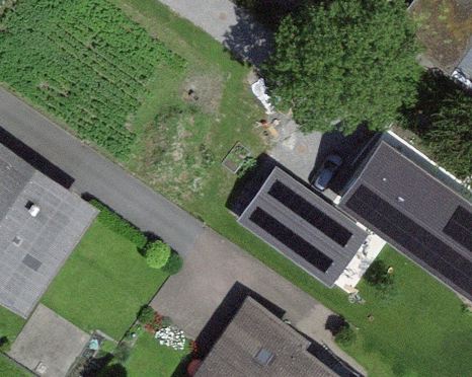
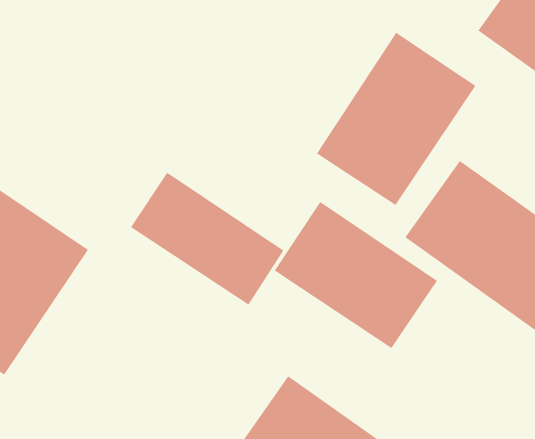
building: none -> [316,32,476,206]
building: none -> [130,172,284,306]

